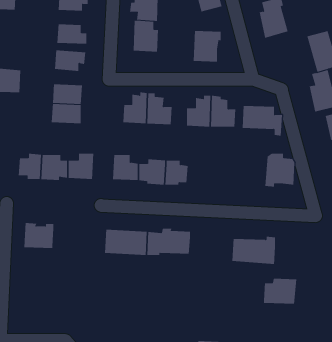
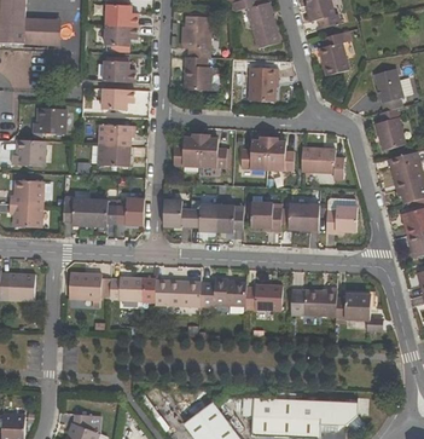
building: none -> [250,201,280,231]
building: none -> [287,203,318,232]
building: none -> [108,276,155,301]
building: none -> [244,283,281,310]
building: [263,278,297,304] -> [335,291,371,319]

